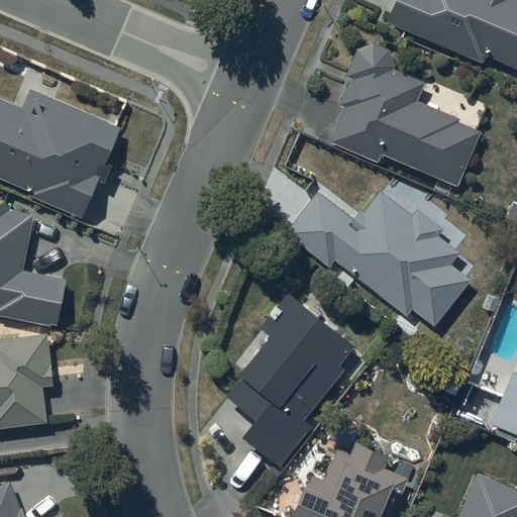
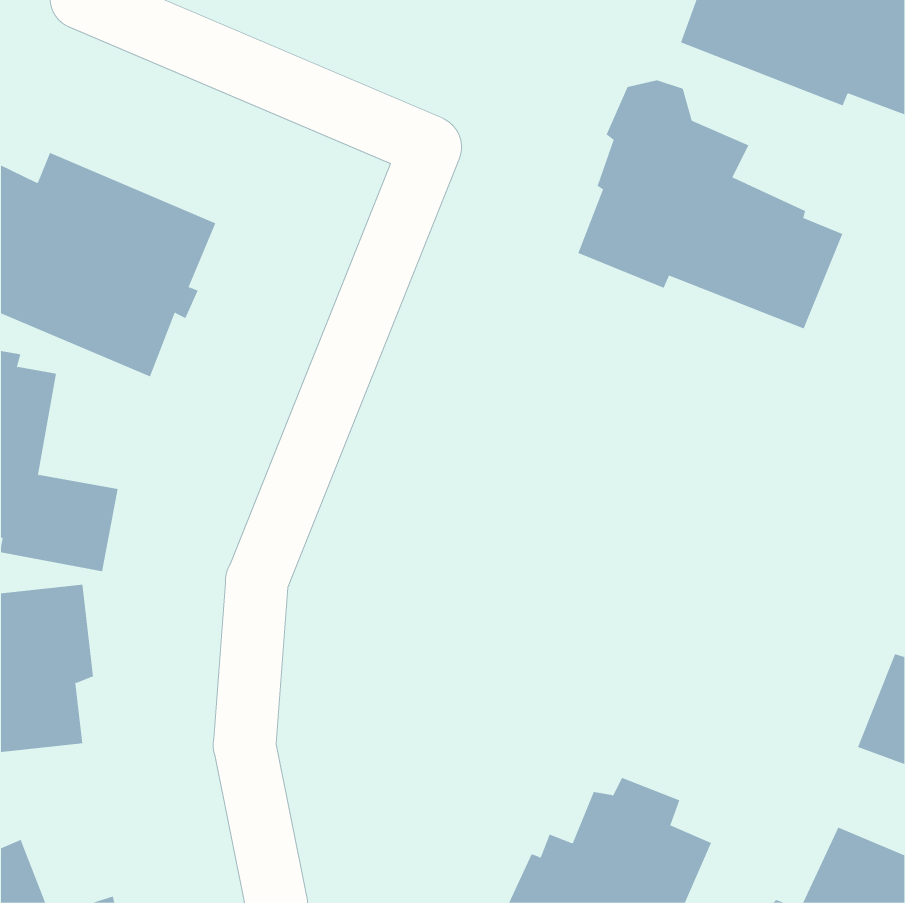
building: [287,192,470,328] -> none
building: [225,293,358,470] -> none

